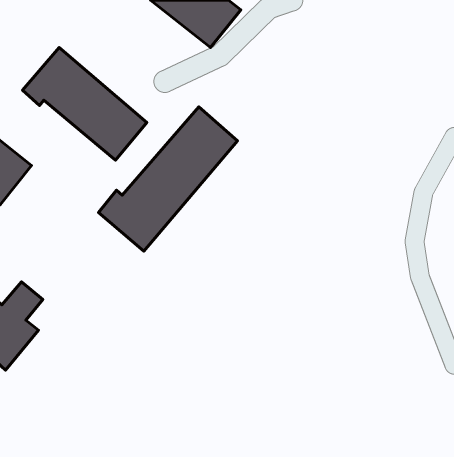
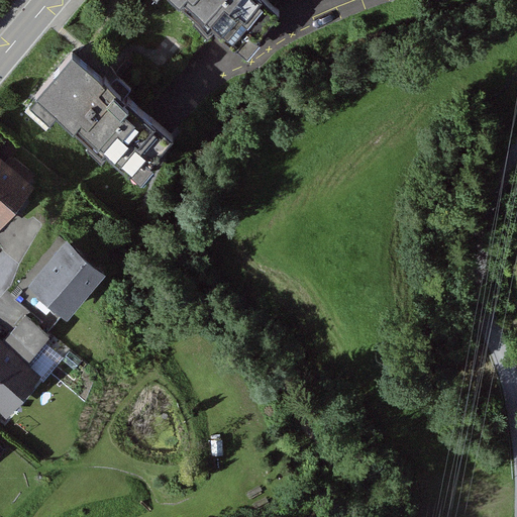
building: [98,107,238,251] -> none
building: none -> [26,241,104,320]

